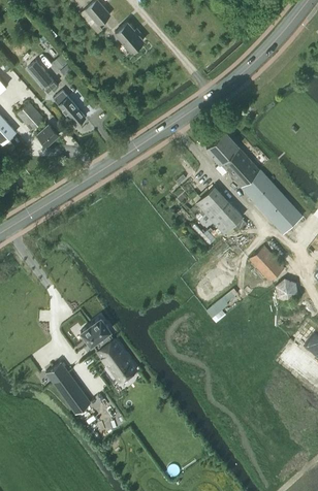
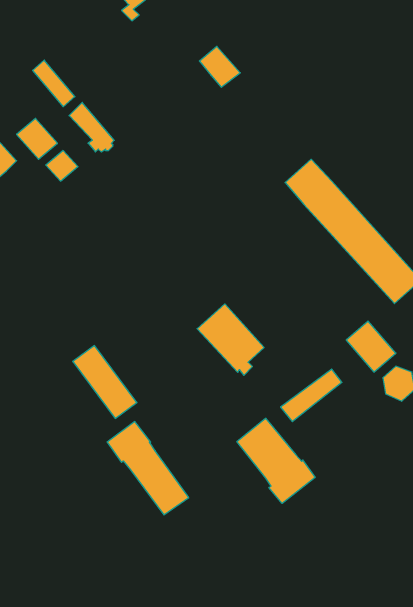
building: [116,24,145,53] -> [199,46,240,87]
building: [196,187,244,237] -> [197,304,264,375]
building: none -> [237,418,315,503]
building: [45,363,91,415] -> [73,346,137,418]

